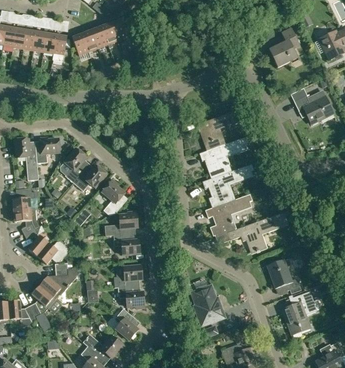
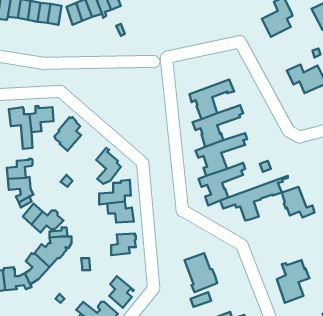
building: [73,165,106,191] -> none
building: [267,259,300,290] -> [282,187,314,218]
building: [117,285,145,308] -> none

